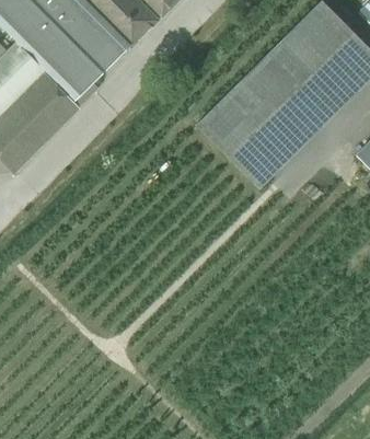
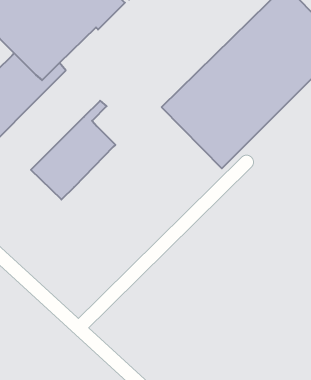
building: none -> [31,101,115,200]

